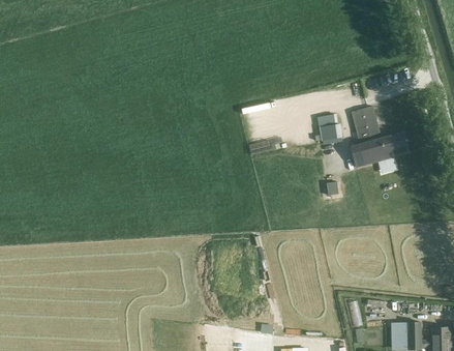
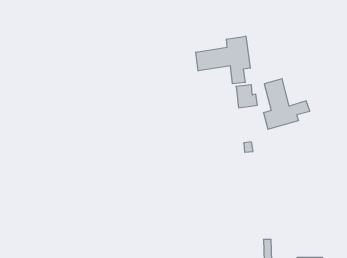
building: none -> [196,36,250,84]

